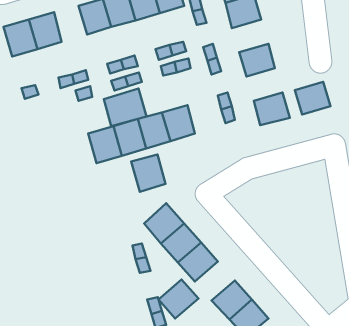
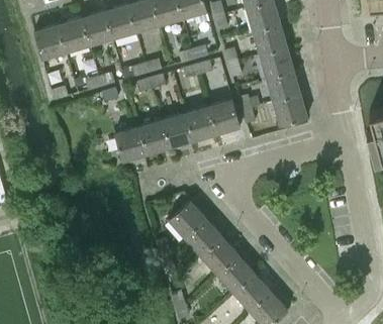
building: none -> [82,11,113,45]
building: none -> [252,24,287,56]
building: [295,82,331,114] -> [266,71,300,102]
building: [104,88,147,126] -> none
building: none -> [209,99,240,133]
building: [131,155,166,192] -> none
building: [158,279,199,318] -> [216,255,255,293]

